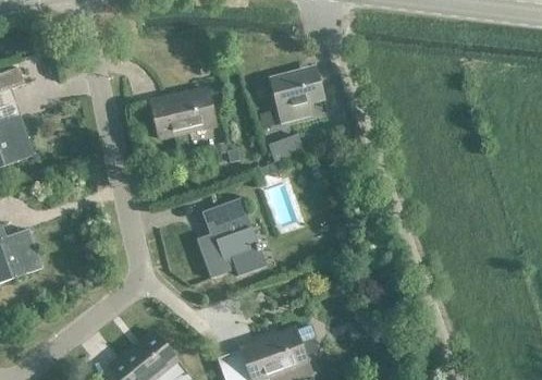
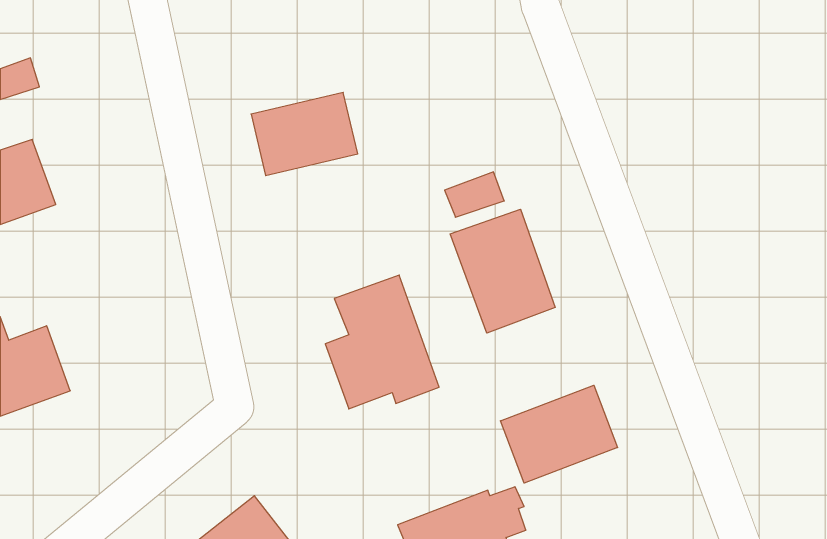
building: [270,72,323,123] -> none
building: none -> [450,209,555,333]
building: none -> [500,385,618,483]

